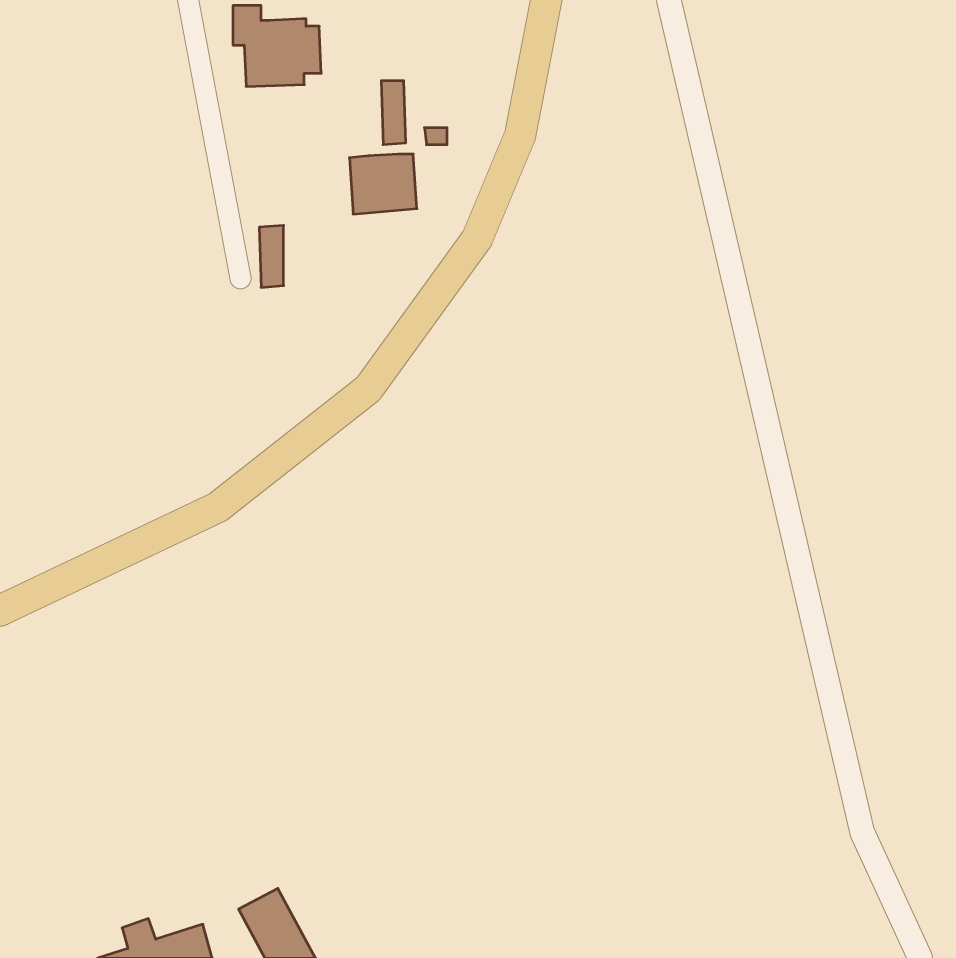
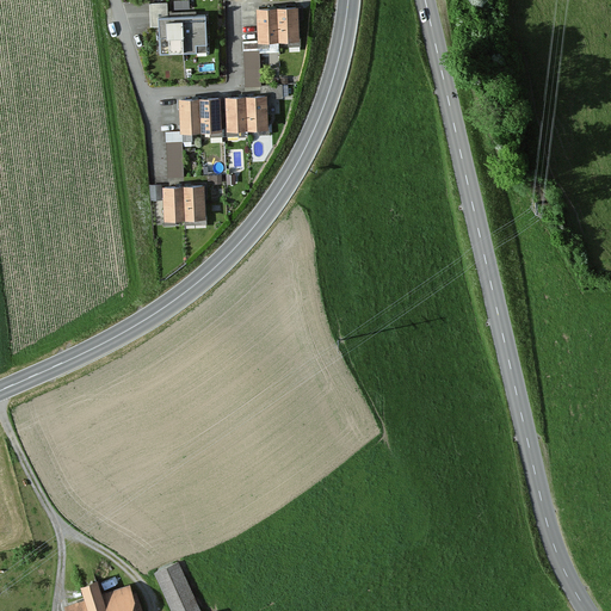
building: none -> [255,10,298,45]
building: none -> [179,99,220,135]
building: none -> [162,187,204,223]

